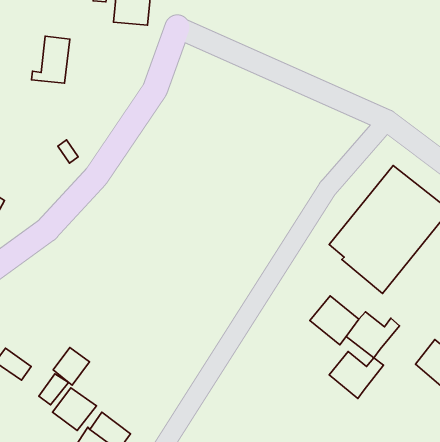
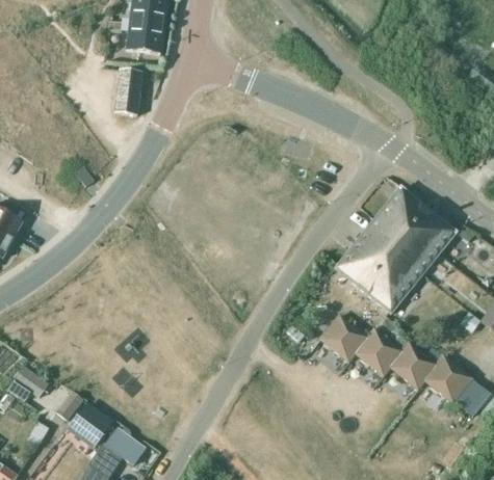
building: [31,36,70,83] -> [105,69,142,114]
building: [53,348,89,385] -> none
building: [329,351,384,398] -> [388,343,441,389]

